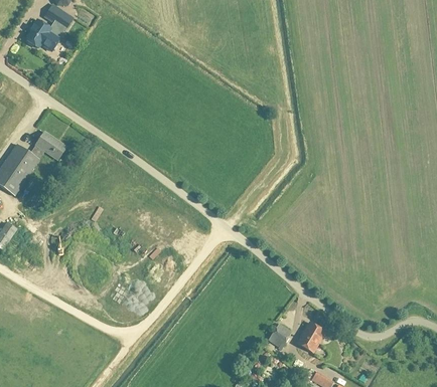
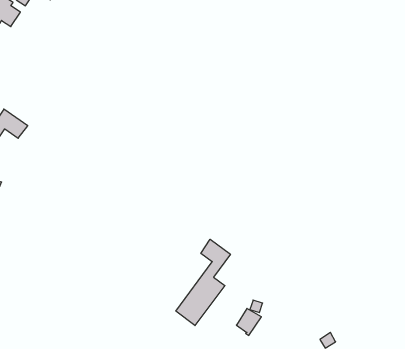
building: none -> [176,239,230,326]
building: [297,322,325,351] -> none

